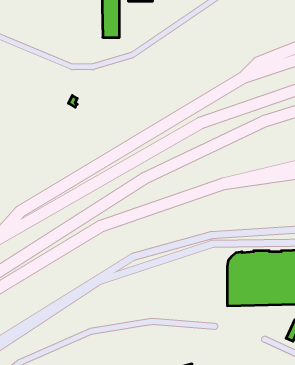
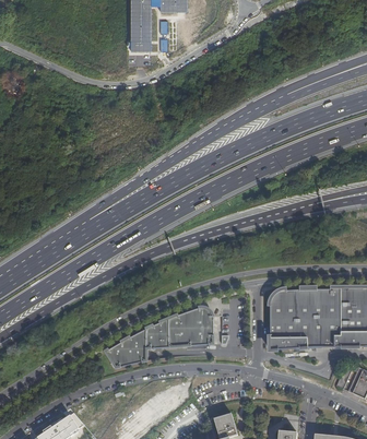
building: none -> [105,307,213,368]

